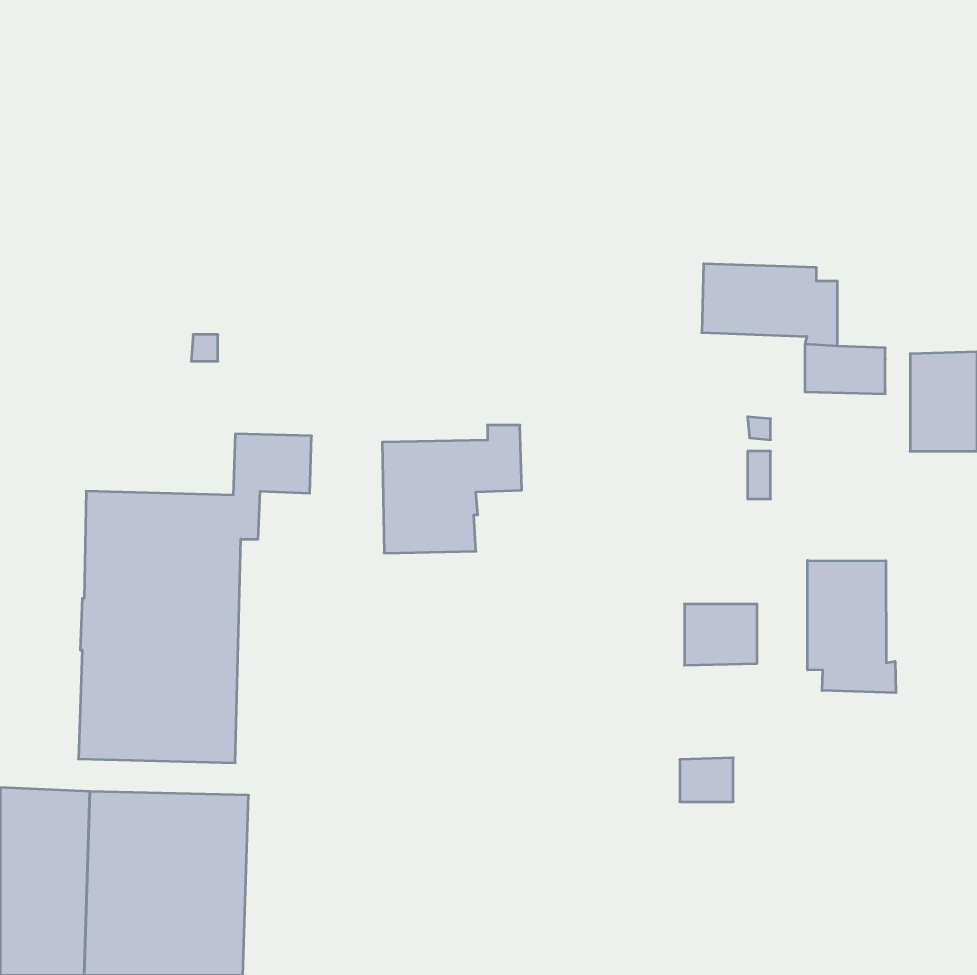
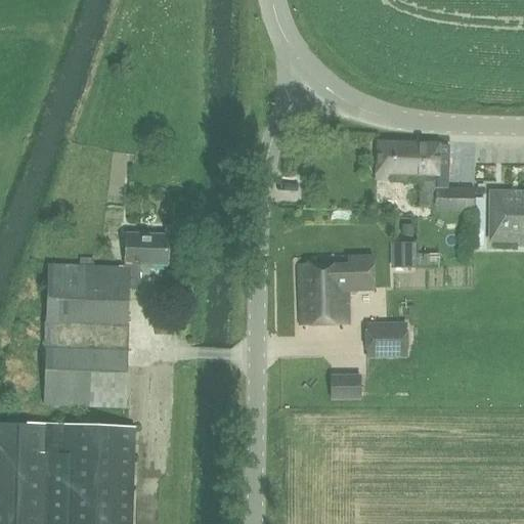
building: [382,425,522,553] -> [298,255,373,323]
building: [808,560,896,693] -> none
building: [680,758,733,802] -> [331,375,359,398]

